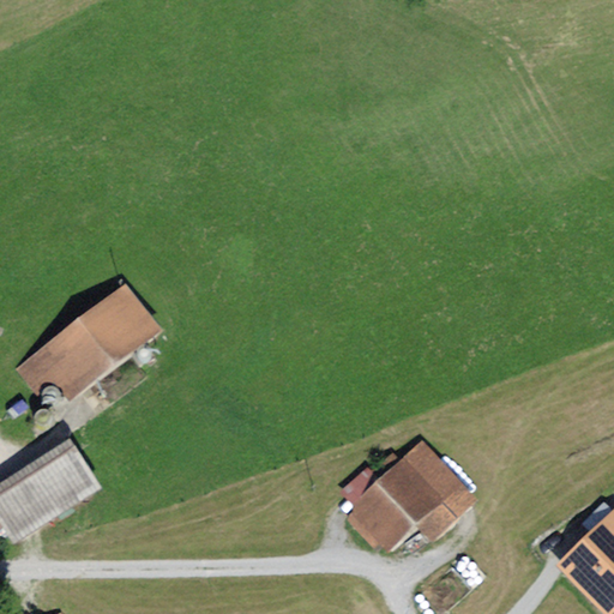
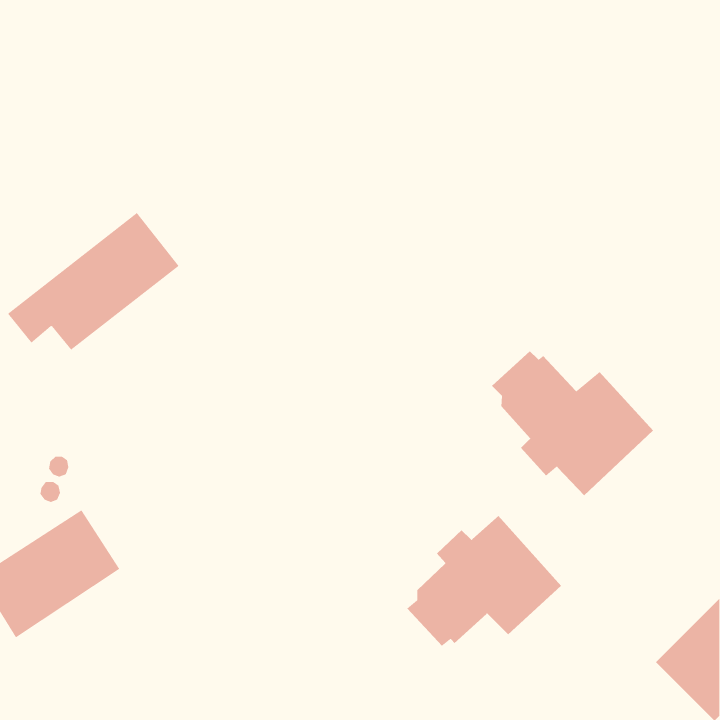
building: [16,282,162,399] -> [7,212,180,351]
building: none -> [491,350,654,496]

